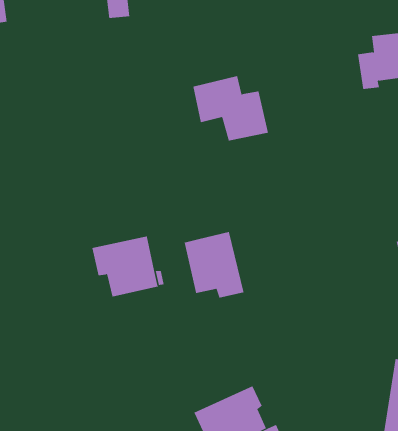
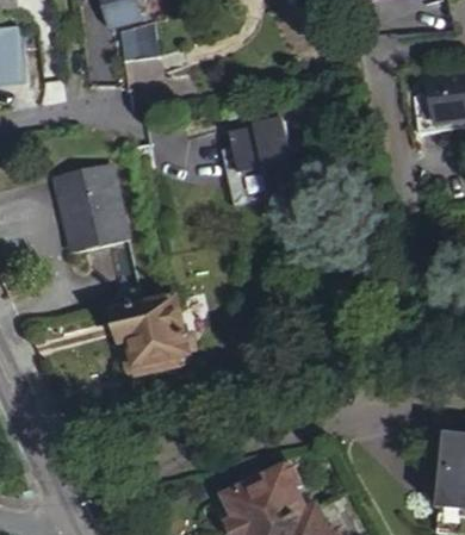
building: none -> [57,163,129,253]
building: [184,231,244,299] -> none

